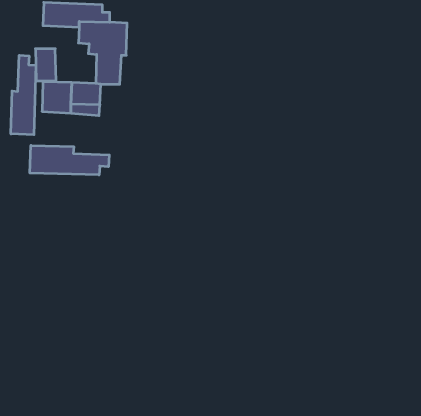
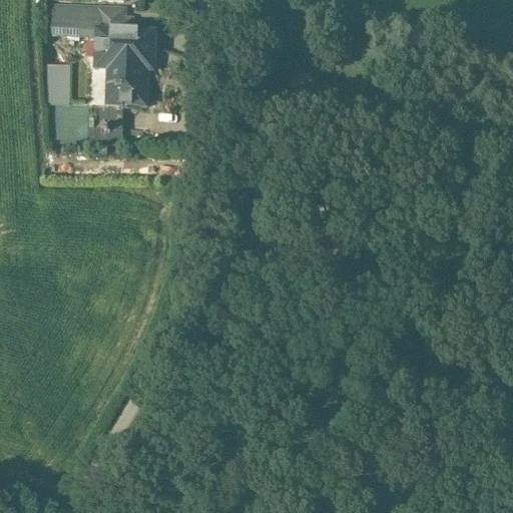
building: [11,55,36,135] -> none
building: [30,145,109,175] -> none

